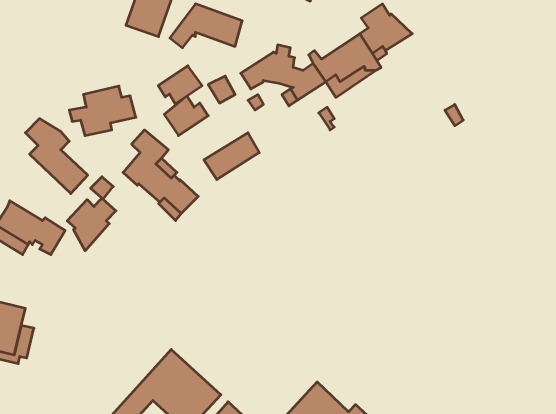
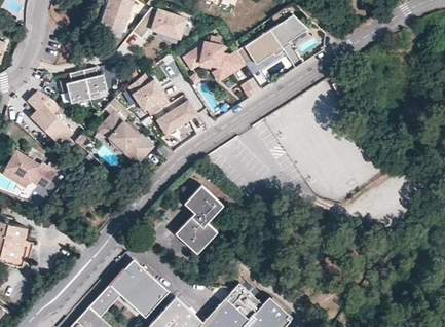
building: [158,66,202,104] -> [138,88,170,116]
building: [67,198,116,251] -> none
building: none -> [174,184,223,254]

